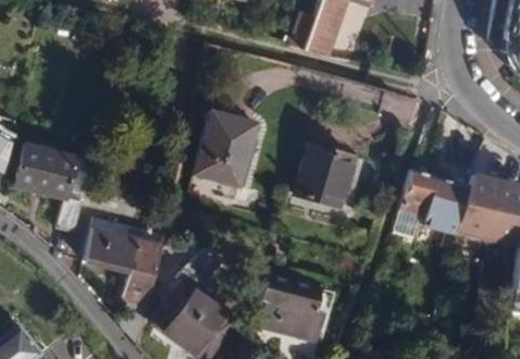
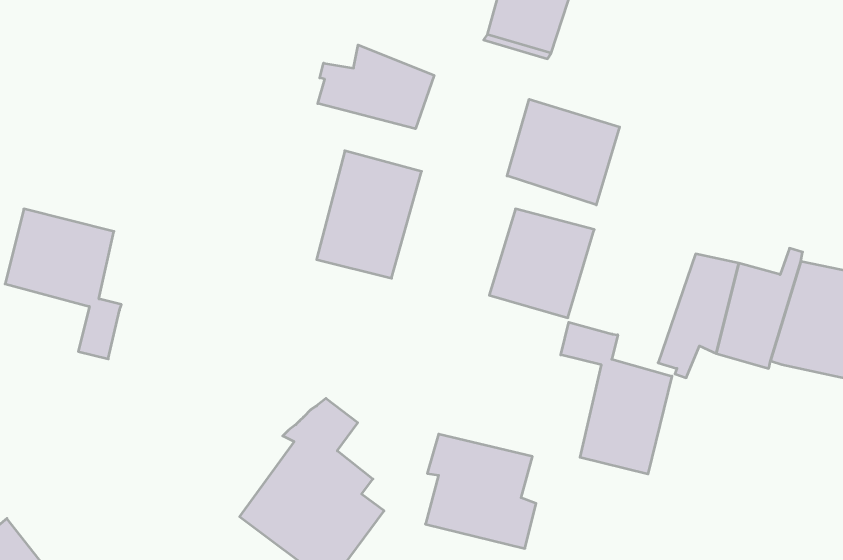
building: none -> [318,45,434,129]
building: none -> [507,99,620,205]
building: none -> [561,322,672,474]
building: [85,227,163,307] -> none

